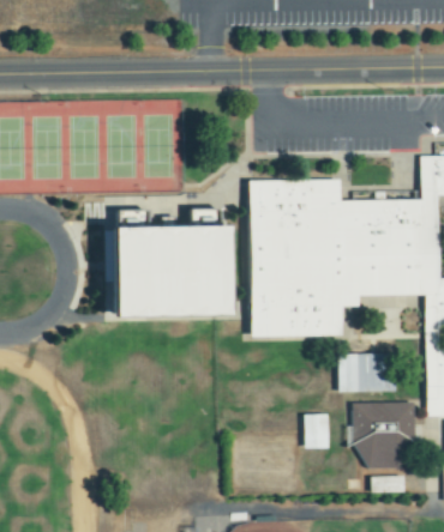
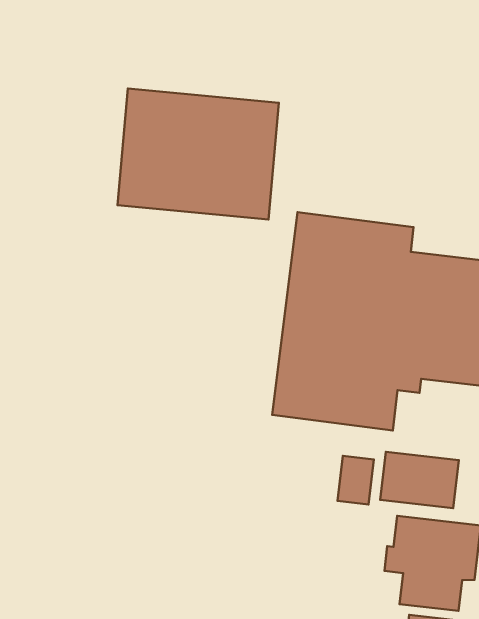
building: [118,224,236,316] -> [117,88,279,220]
building: [306,413,330,448] -> [338,456,374,504]

